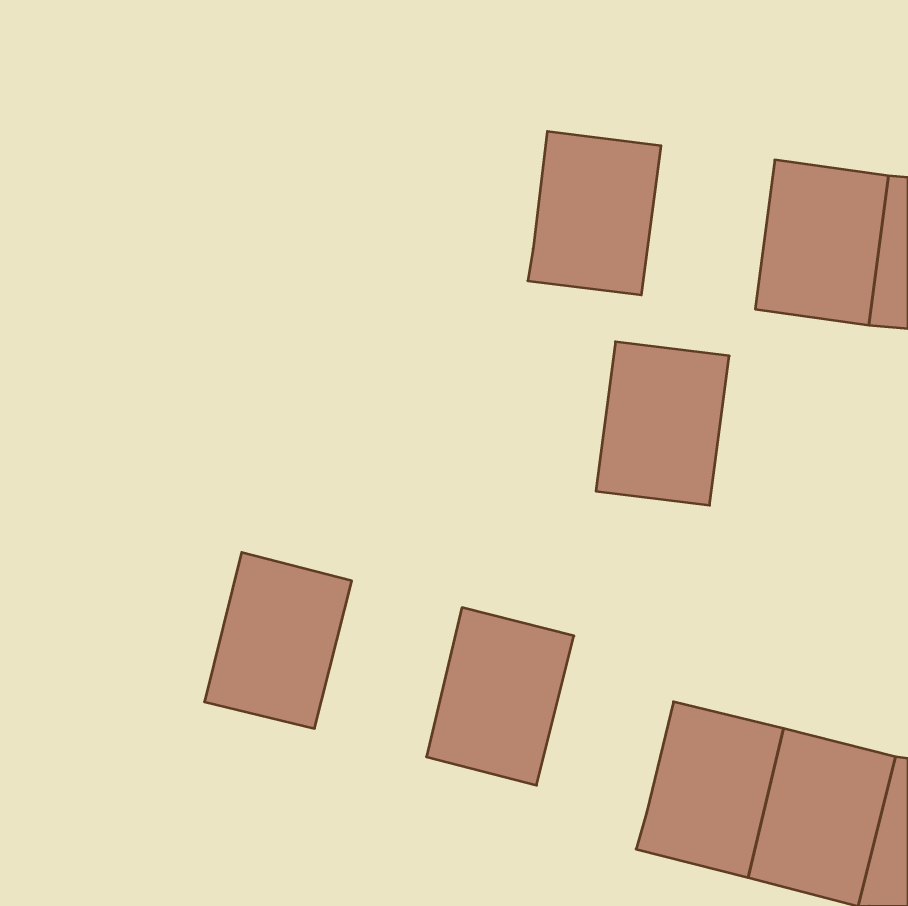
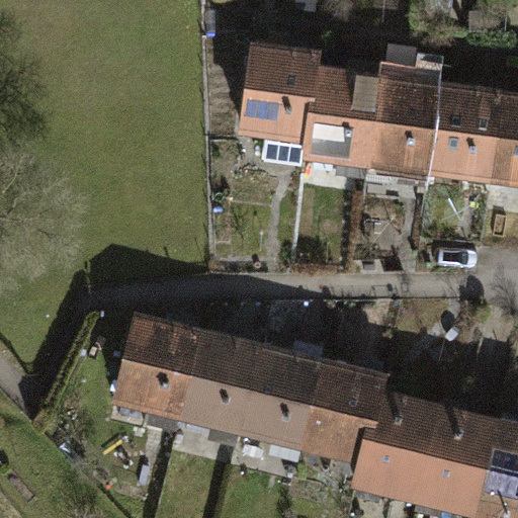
building: none -> [244,42,316,142]
building: [596,342,729,505] -> [365,83,441,176]
building: none -> [179,331,263,431]
building: none -> [306,362,390,462]

